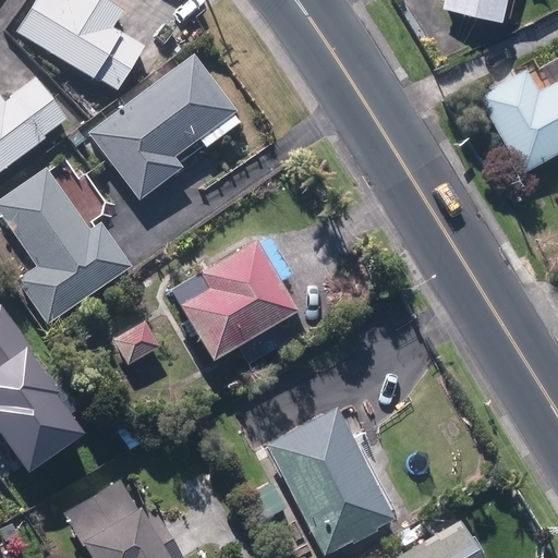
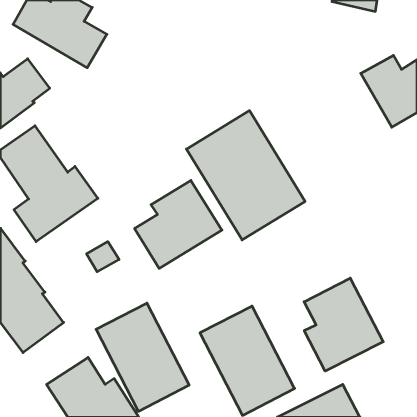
building: [90,56,235,197] -> none
building: none -> [186,111,305,240]
building: none -> [304,278,383,371]
building: none -> [96,303,189,411]

